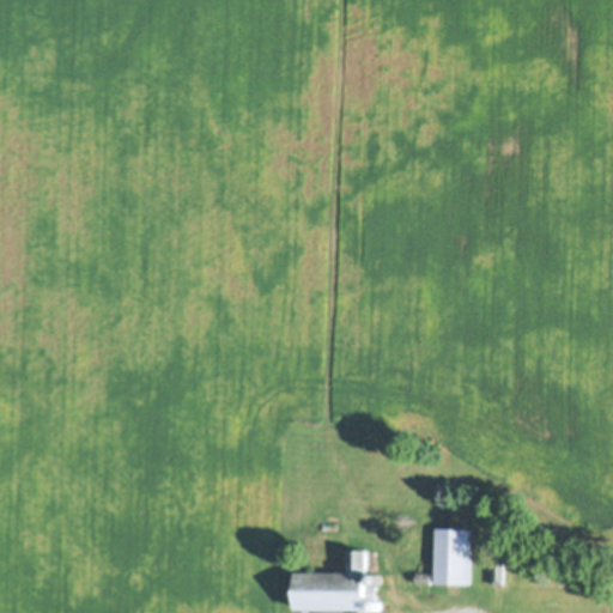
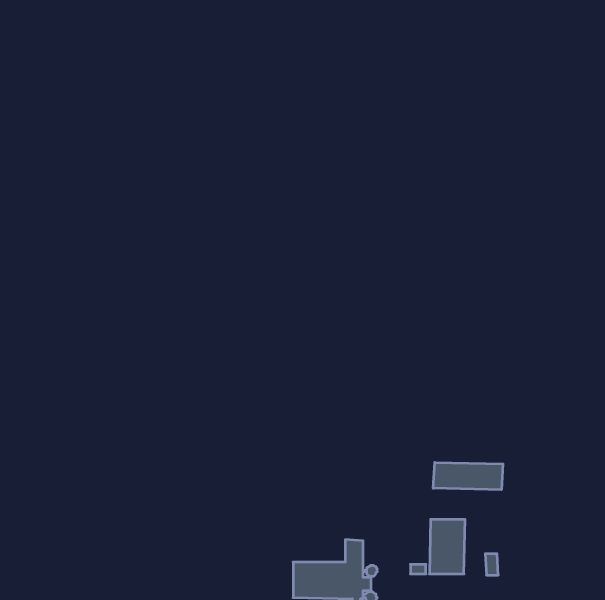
building: none -> [433,462,503,490]

